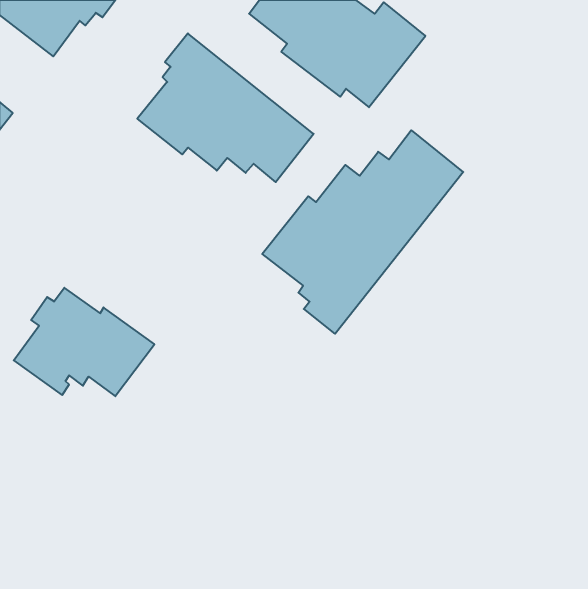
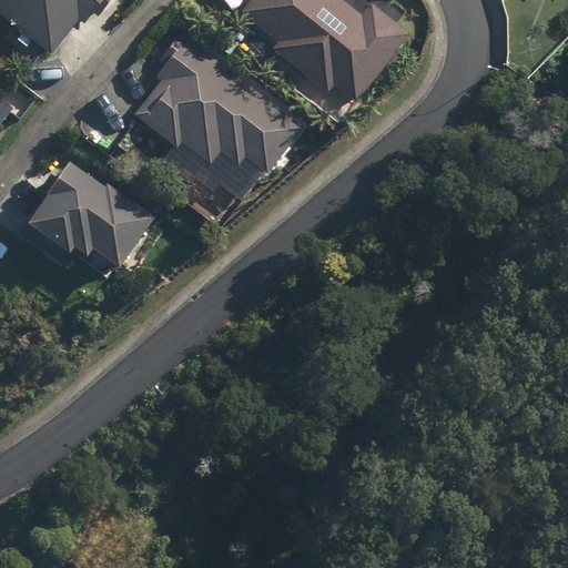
building: [262,130,463,334] -> none
building: [14,288,154,396] -> [18,163,153,267]

